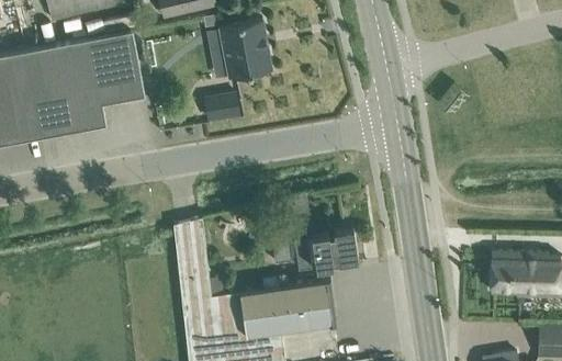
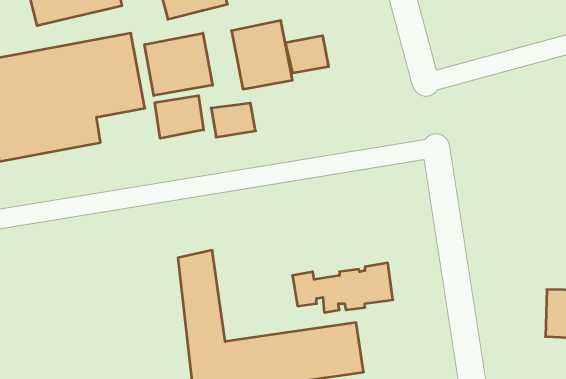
building: none -> [145,33,213,96]
building: none -> [285,36,329,73]
building: none -> [155,96,204,138]

